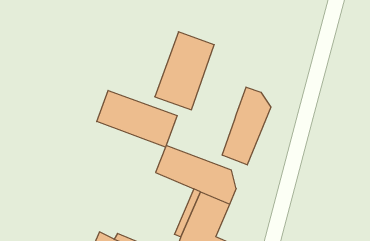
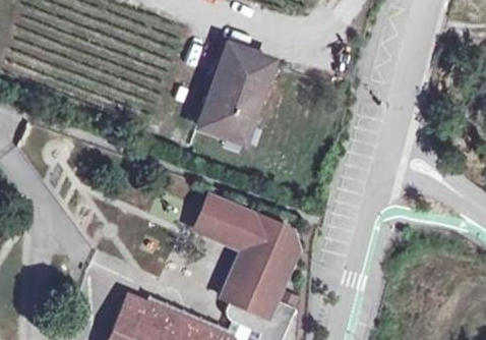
building: [222,87,271,165] -> none
building: [97,90,177,147] -> none

